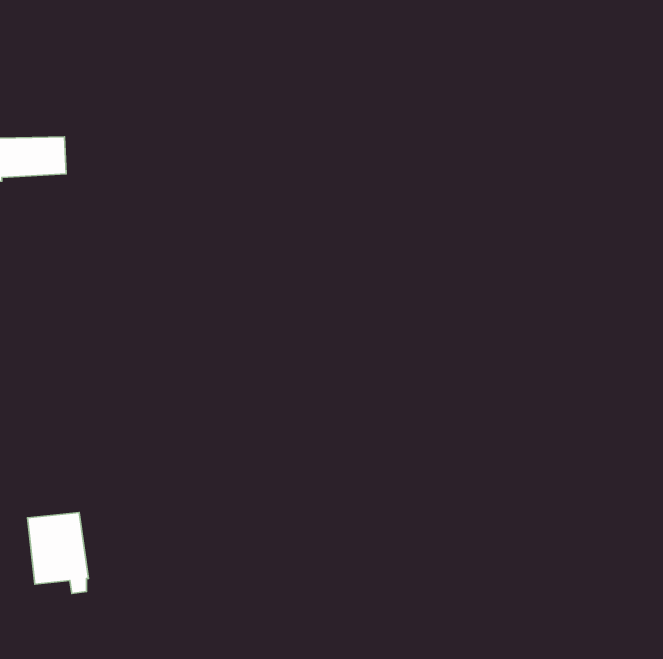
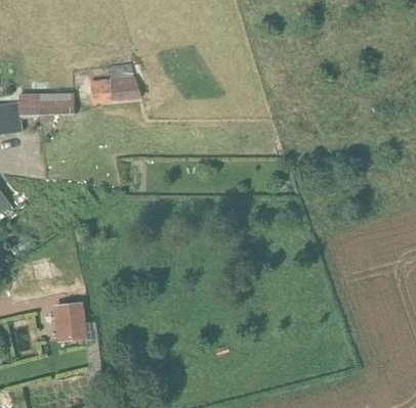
building: none -> [90,76,140,103]

